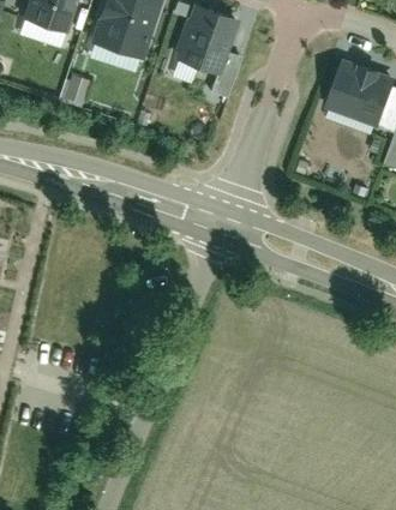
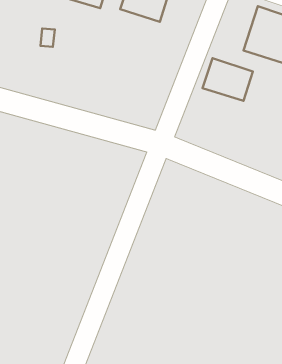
building: none -> [203,58,253,101]

